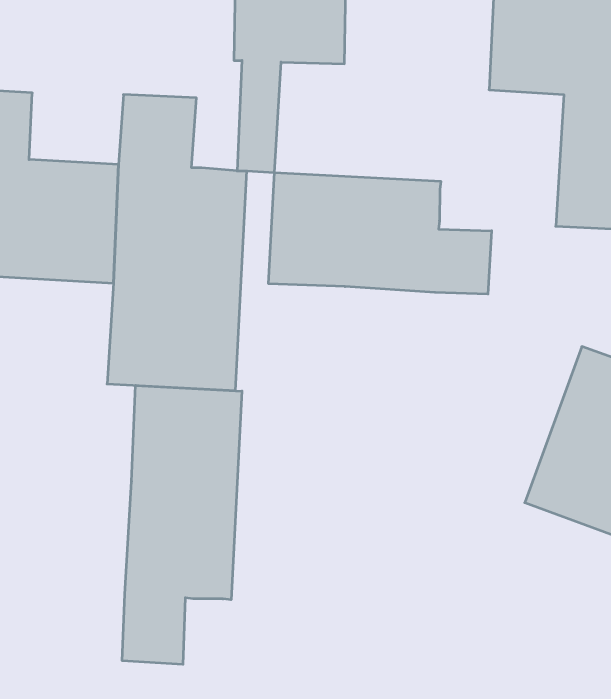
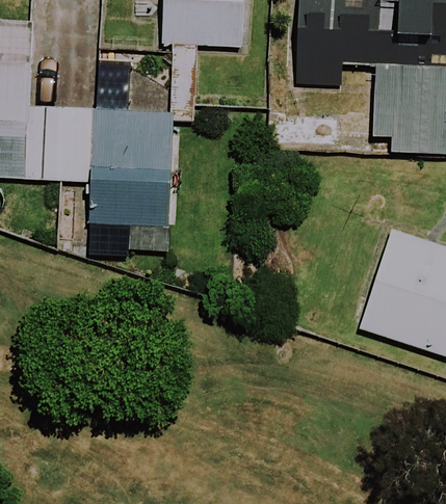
building: [269,173,492,294] -> none
building: [122,385,242,664] -> none

